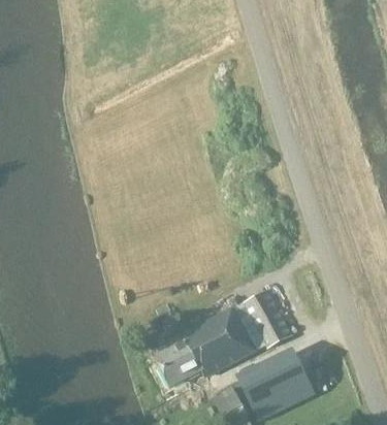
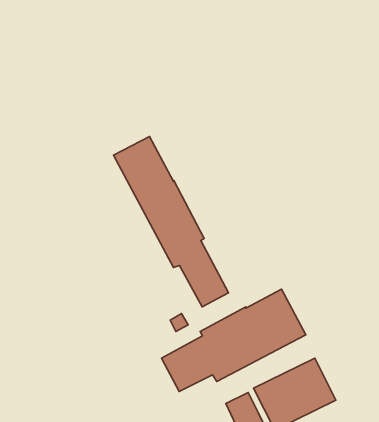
building: none -> [113,136,228,307]

